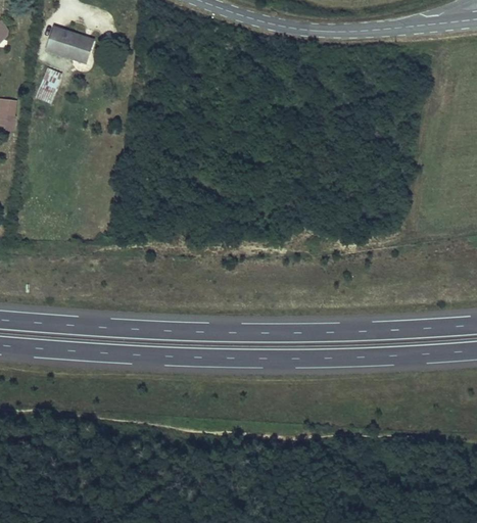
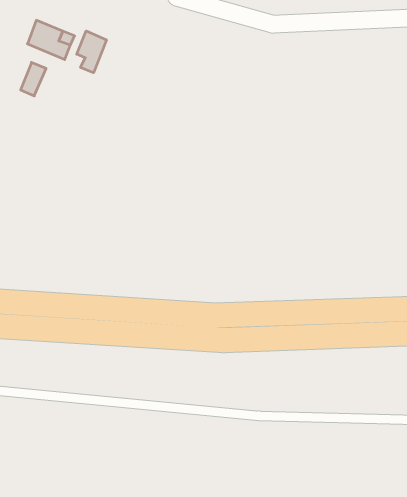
building: none -> [77,31,106,73]

